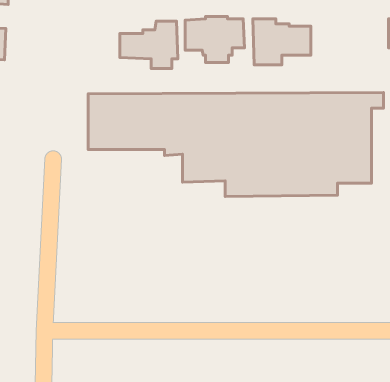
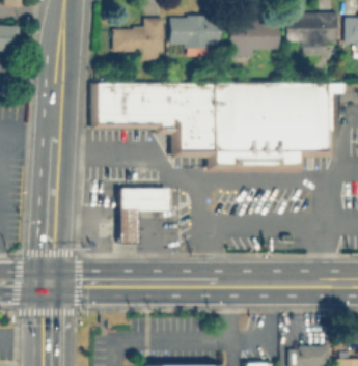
building: none -> [287,12,338,51]
building: none -> [120,188,170,242]

